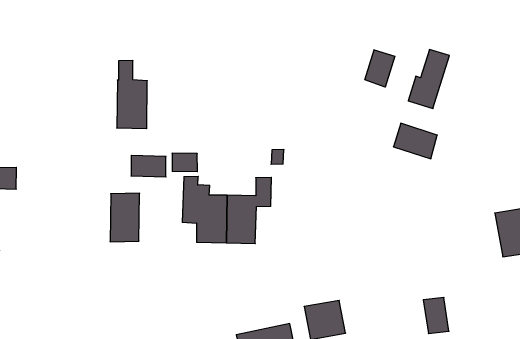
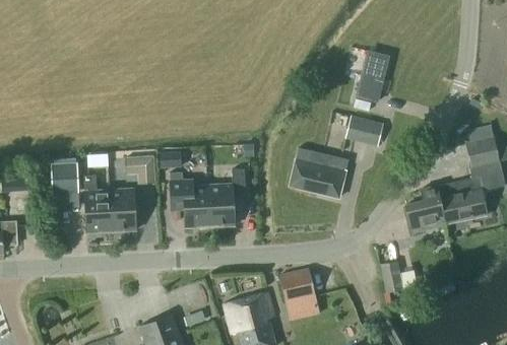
building: [365,50,395,87] -> none
building: [117,61,147,129] -> [83,175,111,232]
building: none -> [289,148,347,198]
building: none -> [49,162,78,194]
building: none -> [405,186,444,232]

